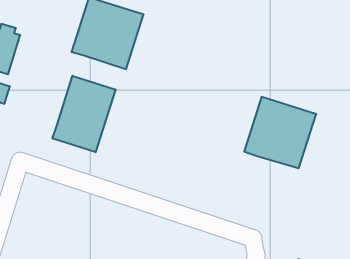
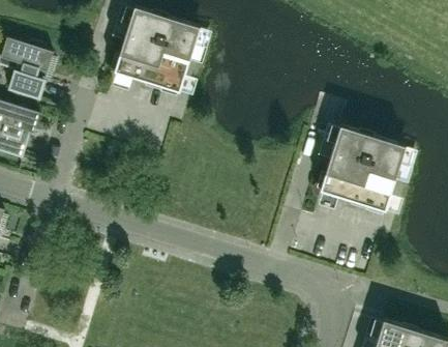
building: [53,76,116,152] -> none

